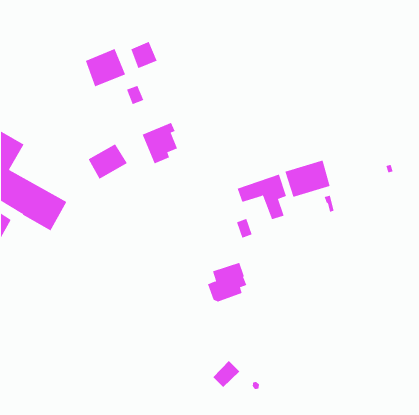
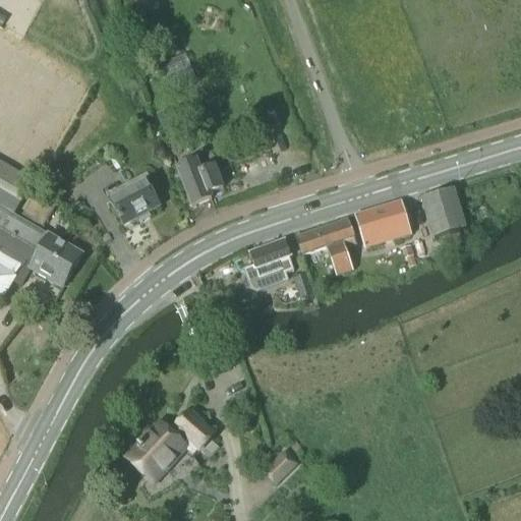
building: [85,48,126,87] -> none
building: none -> [421,186,465,236]
building: [207,262,247,302] -> [243,238,293,288]
building: none -> [128,411,217,479]

